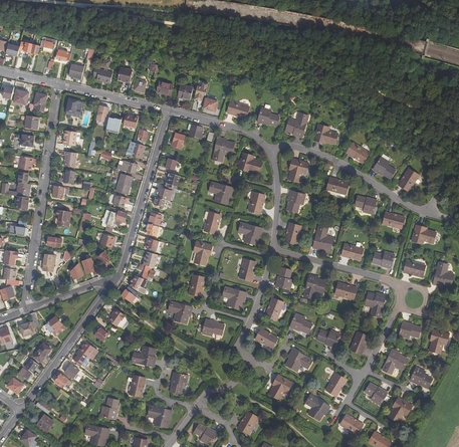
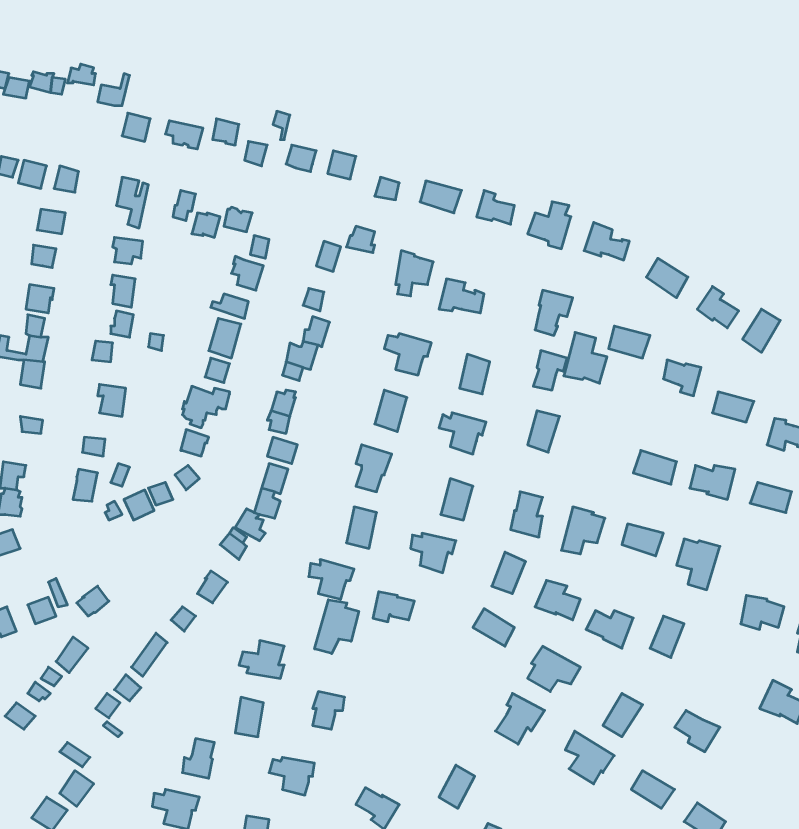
building: [311,225,334,252] -> [564,332,607,383]
building: none -> [315,600,359,654]
building: [381,348,407,375] -> none
building: [387,396,412,423] -> none

